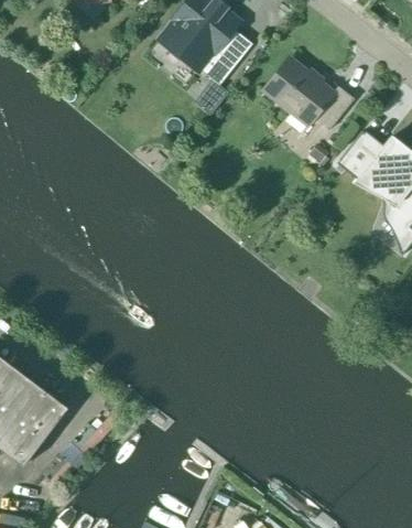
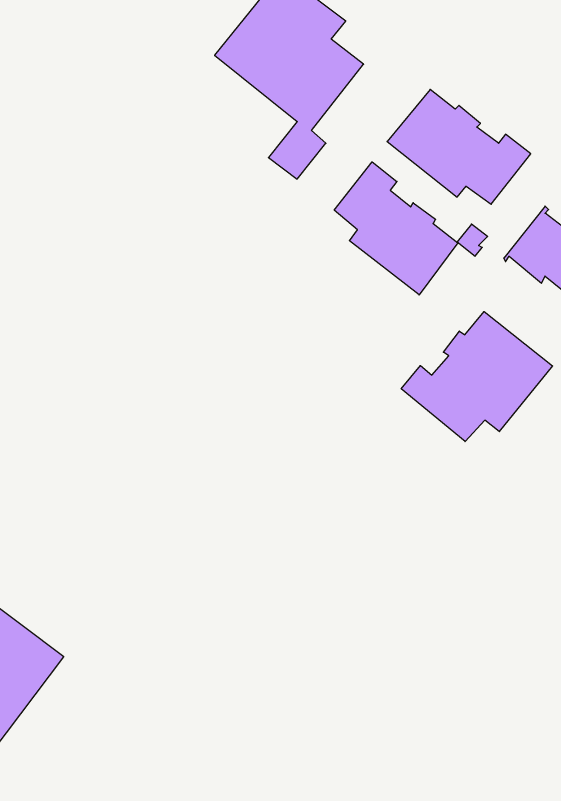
building: none -> [334,162,458,295]
building: none -> [401,312,553,442]

